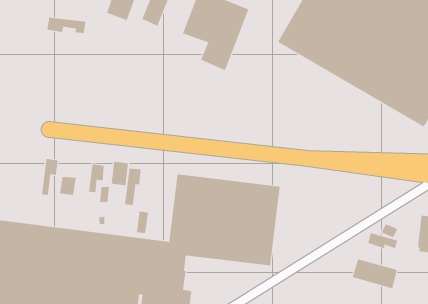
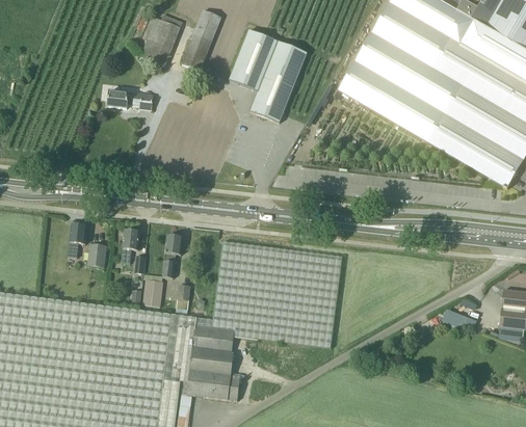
building: [47,17,86,33] -> [107,90,153,109]
building: [111,161,129,186] -> [142,278,163,306]
building: [352,259,397,289] -> none

